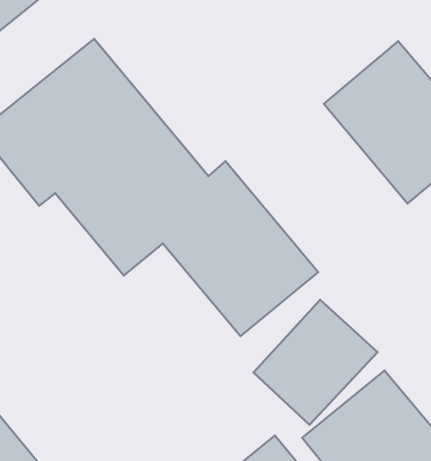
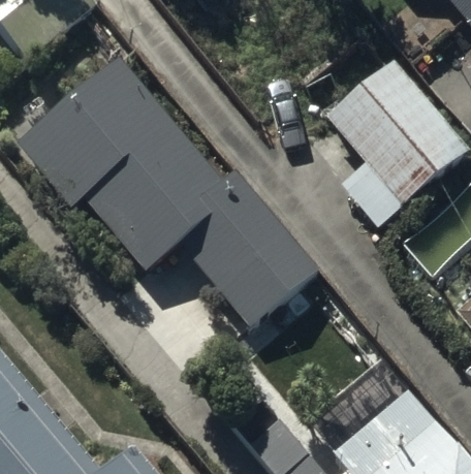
building: [253,300,377,425] -> none

